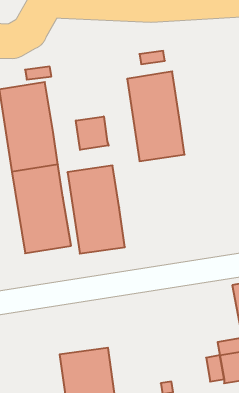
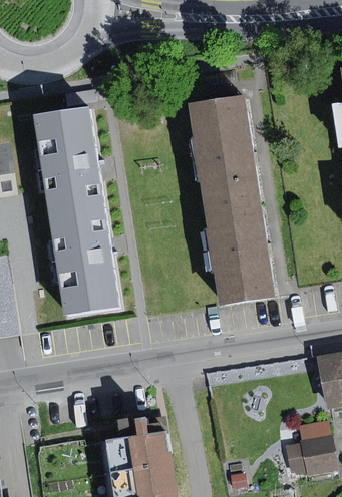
building: [76,116,109,150] -> none
building: [67,166,125,254] -> [204,197,274,305]

